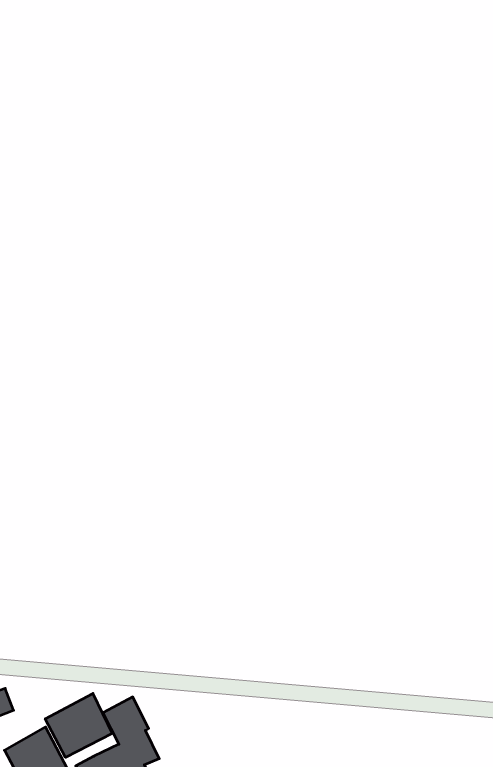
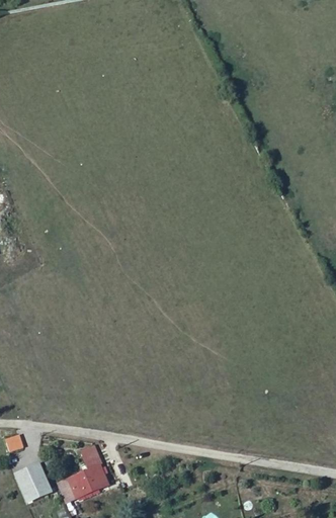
building: [45,693,112,757] -> none

